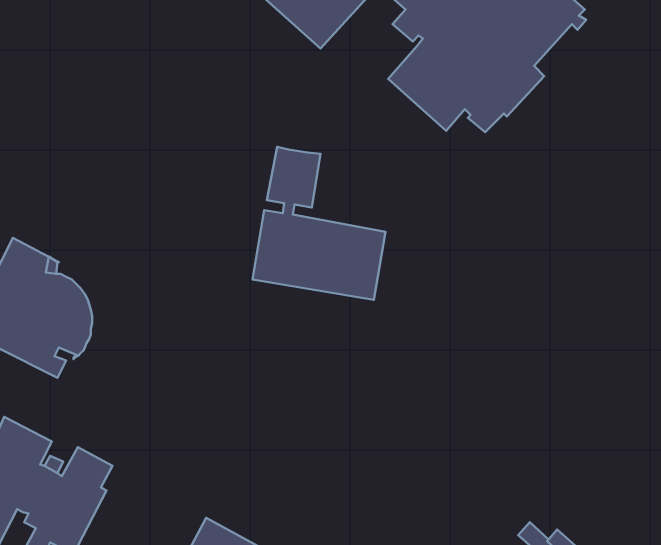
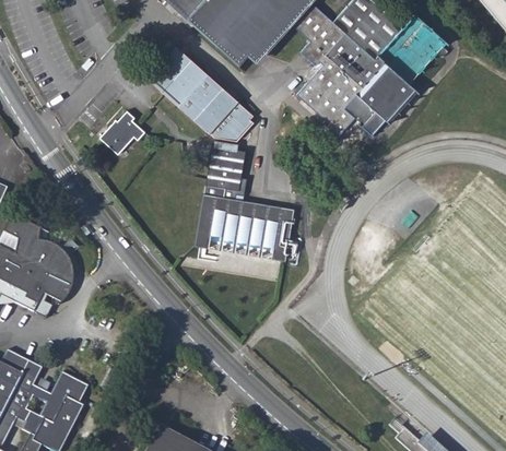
building: none -> [140,38,254,140]
building: none -> [99,109,145,153]

